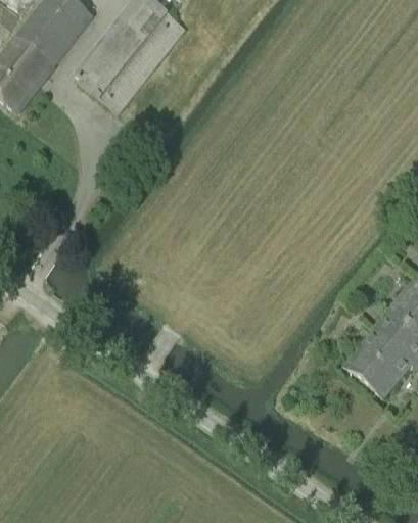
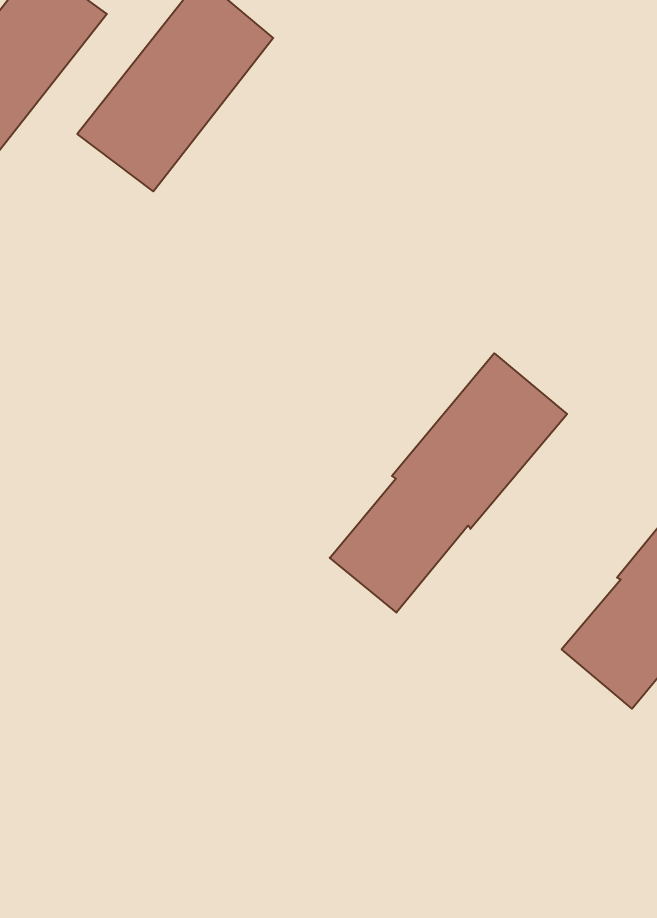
building: none -> [330,353,567,613]

